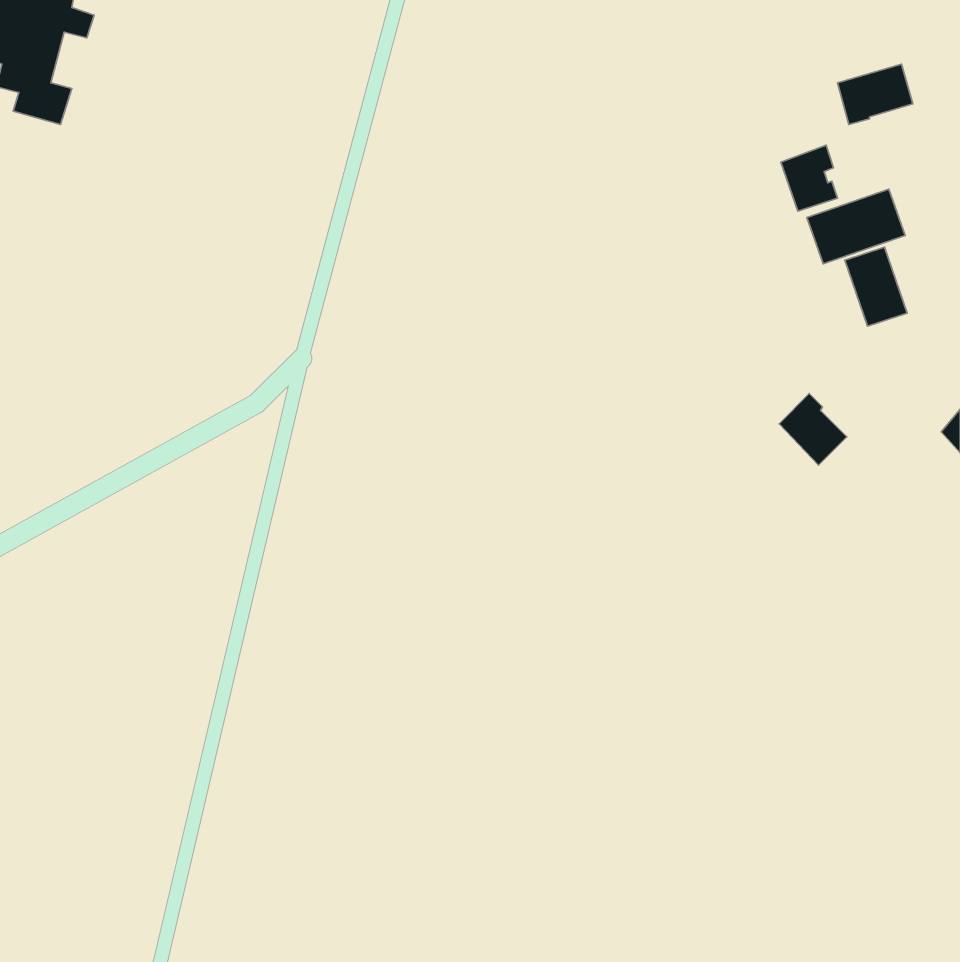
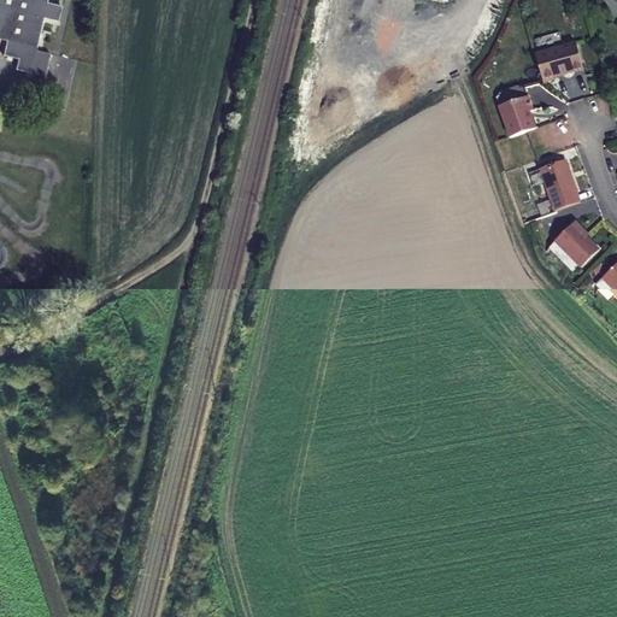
building: [807,189,905,264] -> none
building: [779,394,847,465] -> [554,219,598,265]

